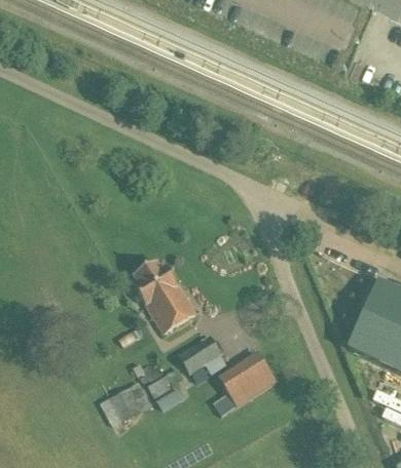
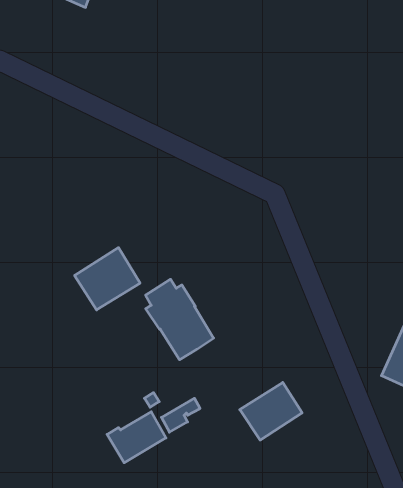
building: none -> [75,248,140,310]
building: [177,332,226,373] -> none

